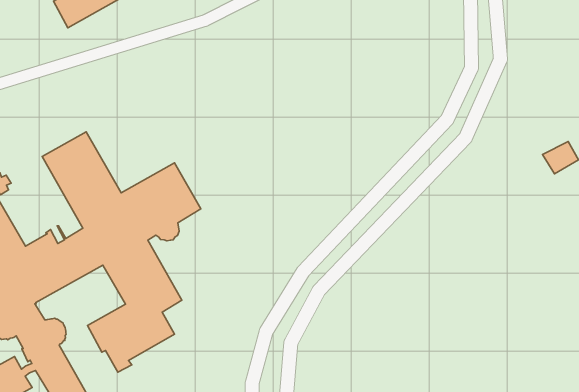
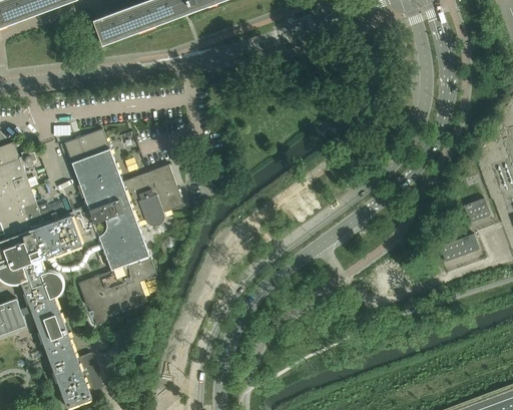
building: none -> [440,235,479,263]

